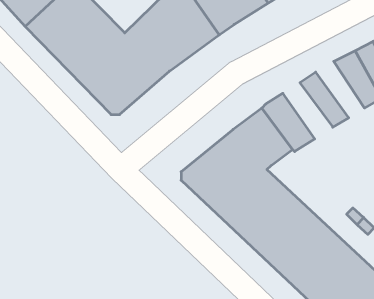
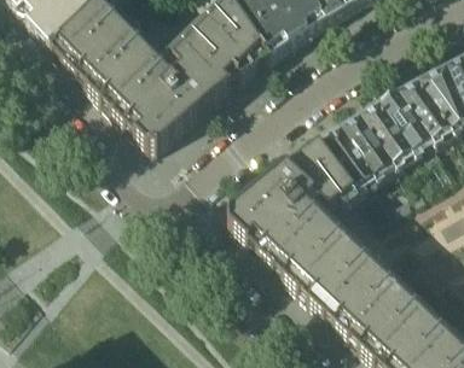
building: none -> [378,84,434,148]
building: none -> [341,109,398,173]

